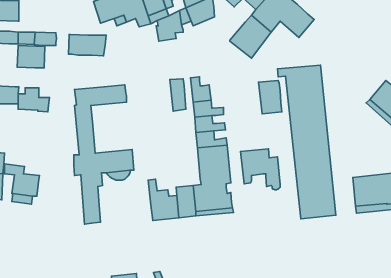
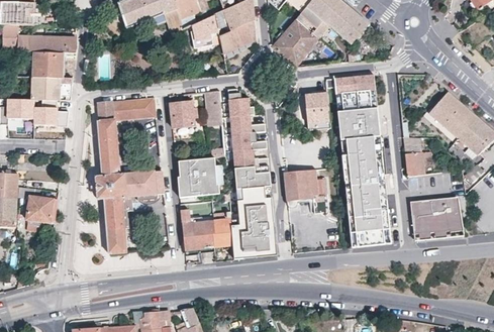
building: none -> [219,20,257,54]
building: [68,34,106,56] -> [30,77,73,101]
building: none -> [171,101,194,127]
building: none -> [403,137,424,177]
building: none -> [178,157,218,197]

